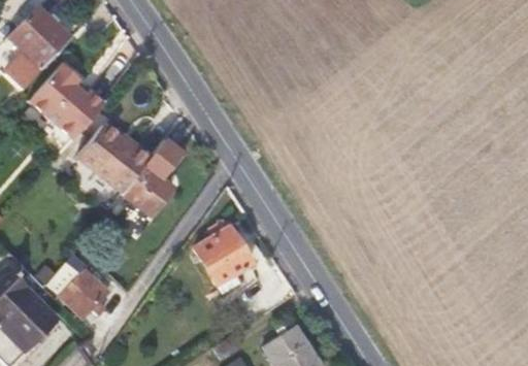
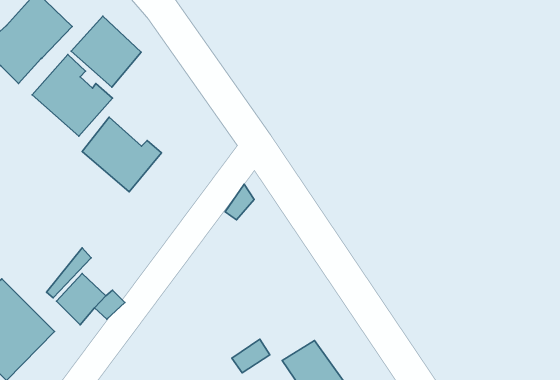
building: none -> [71,16,141,87]
building: [124,140,180,214] -> none
building: [196,229,253,288] -> none

